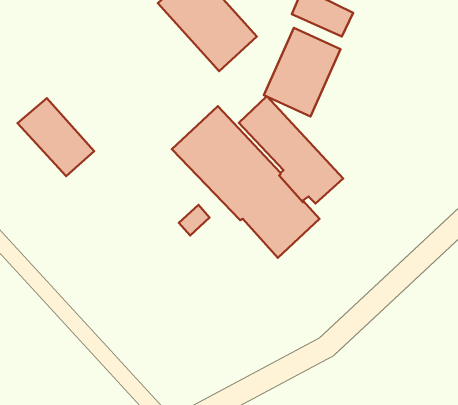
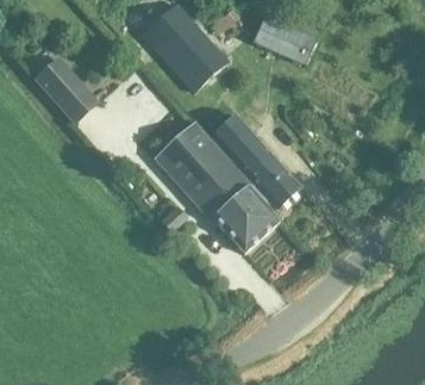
building: [264,28,341,116] -> none
building: [18,98,94,176] -> [33,58,99,125]

